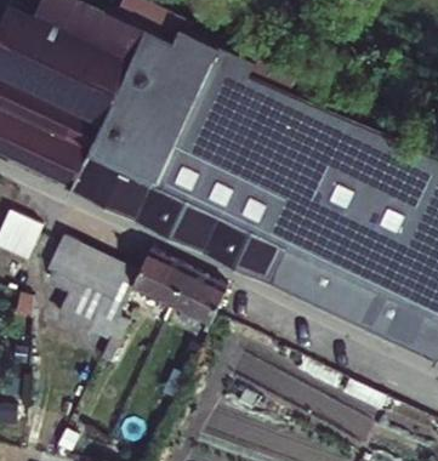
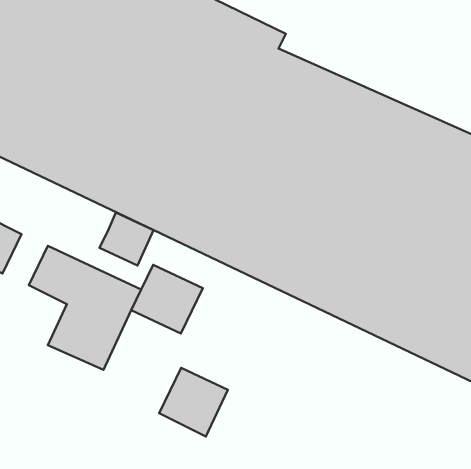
building: none -> [100,212,154,266]
building: [171,273,228,330] -> [159,368,228,437]

